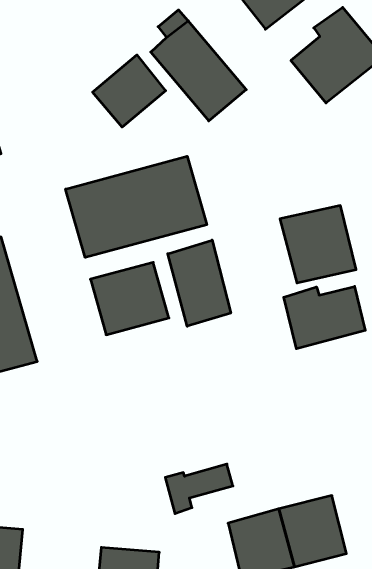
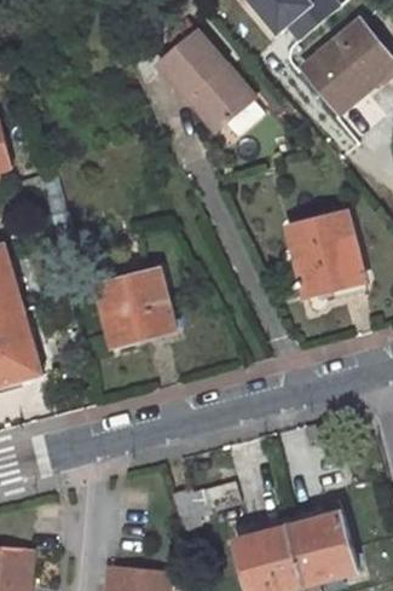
building: [93,55,166,127] -> none
building: [66,156,207,257] -> none
building: [168,240,231,326] -> none
building: [284,286,365,349] -> none

